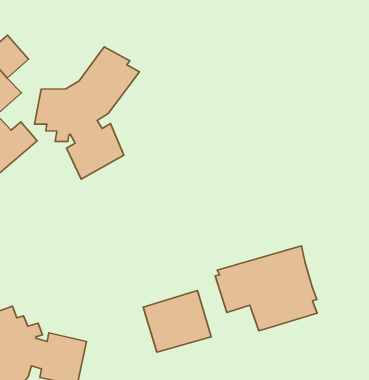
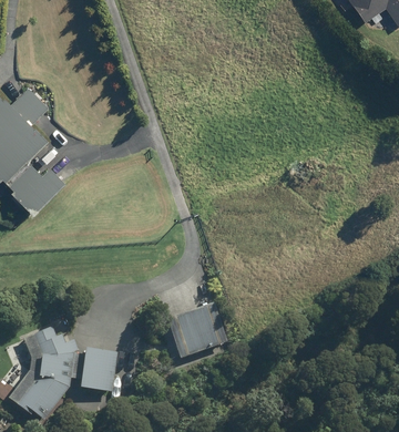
building: [34,47,140,179] -> none
building: [215,246,317,331] -> none

